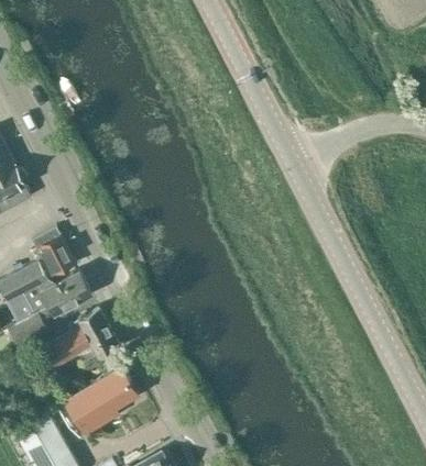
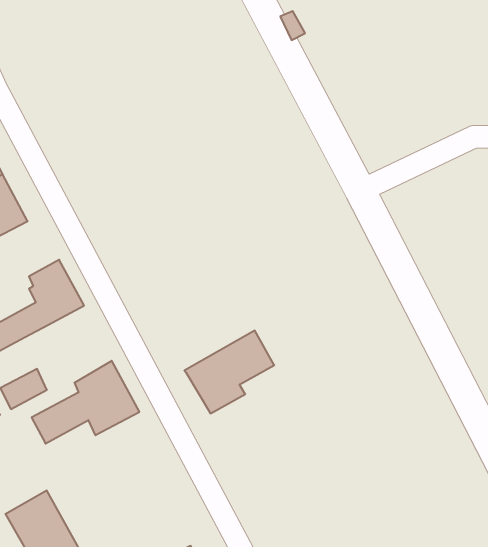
building: [14,271,90,318] -> none
building: [65,369,136,435] -> [184,331,274,413]

